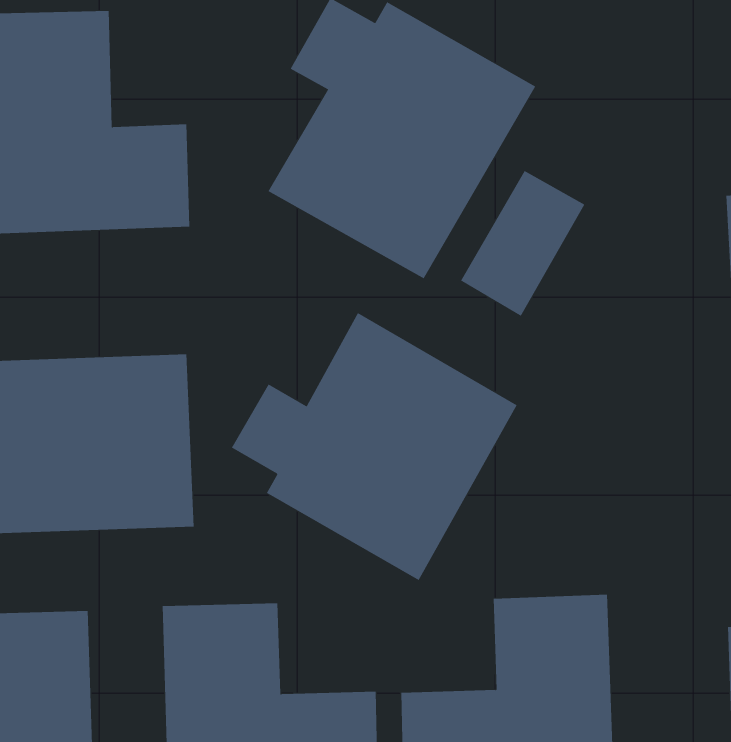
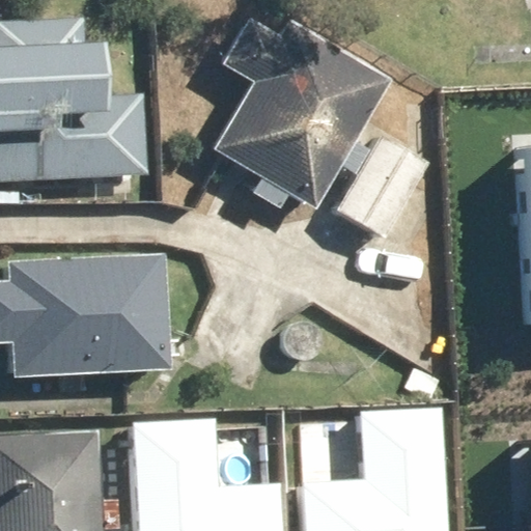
building: [231,312,518,581] -> none

